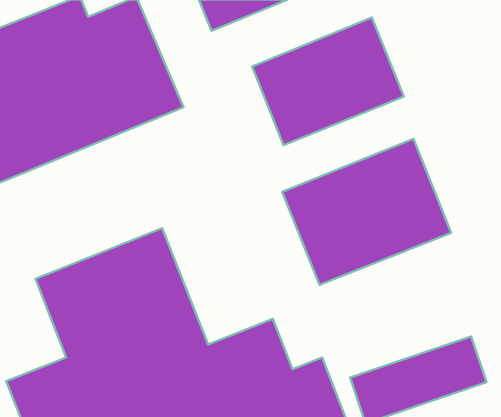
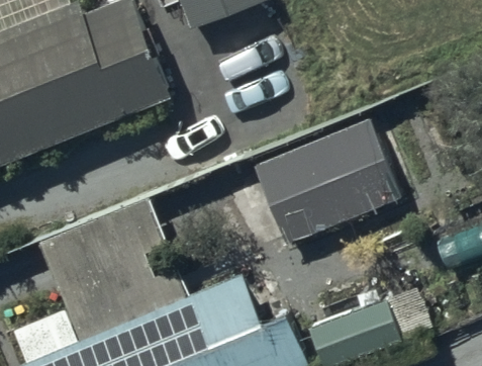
building: [252,17,404,145] -> none

